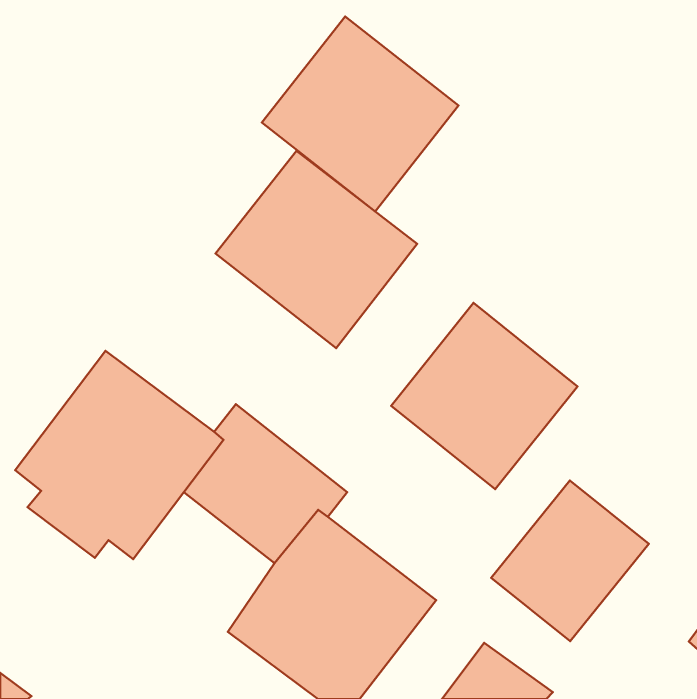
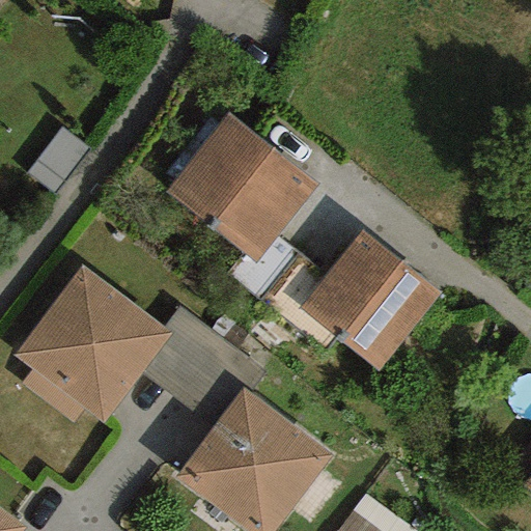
building: [262,16,459,212] -> none
building: [491,480,649,641] -> none

